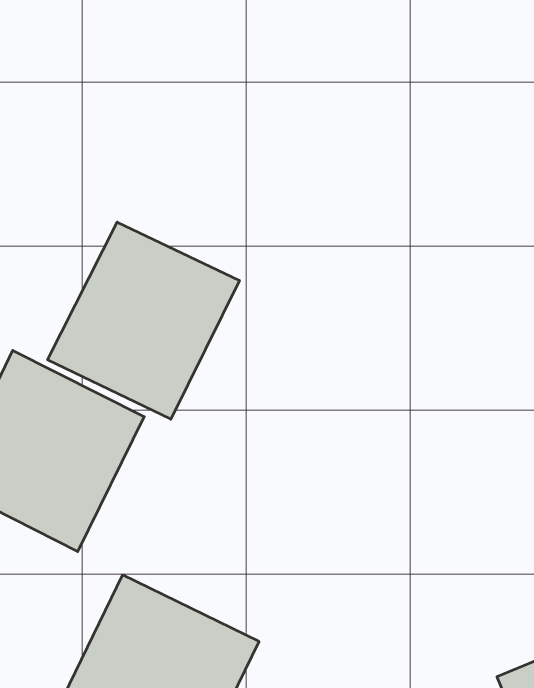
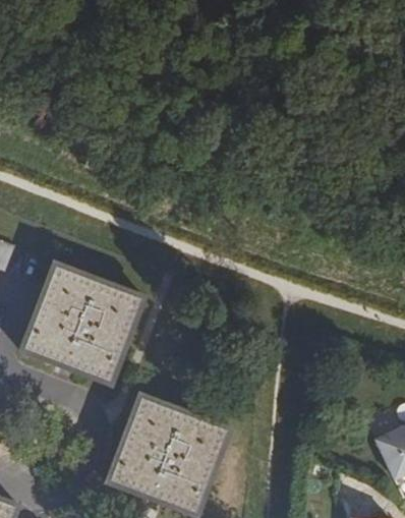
building: [48,222,239,419] -> none

